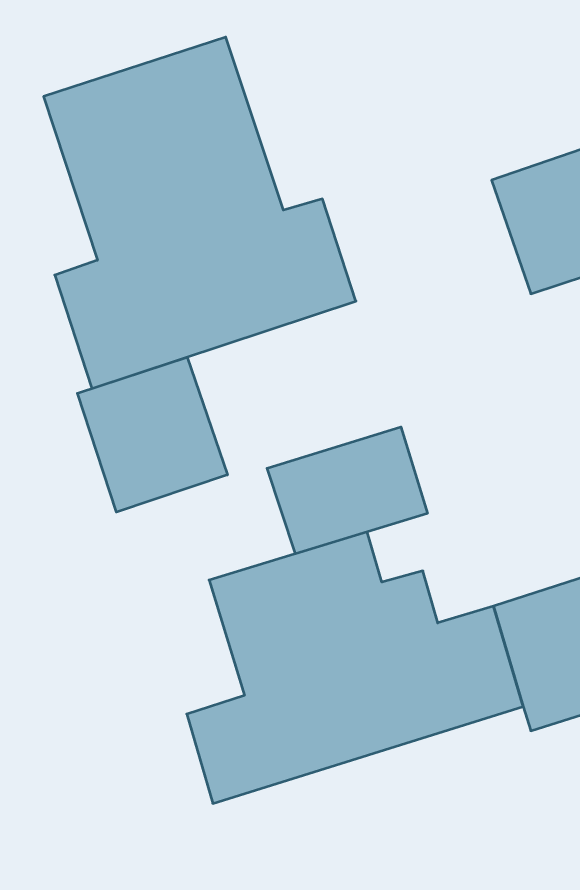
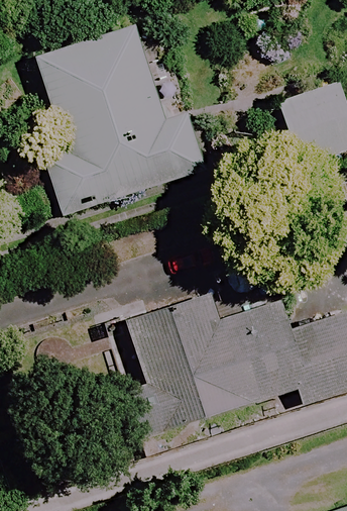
building: [77,357,227,512] -> none
building: [267,427,427,554] -> none

